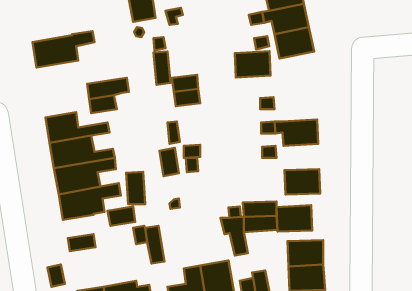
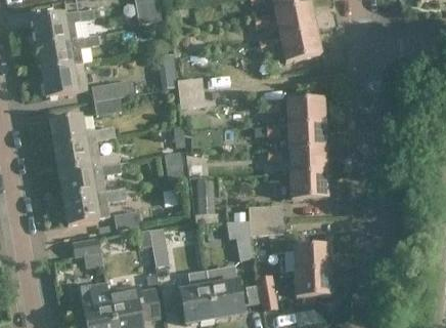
building: none -> [32,7,94,44]
building: [235,51,270,78] -> [287,97,323,124]
building: none -> [41,63,87,95]
building: [126,172,145,204] -> [196,181,216,214]
building: [276,205,312,231] -> [289,147,325,173]

